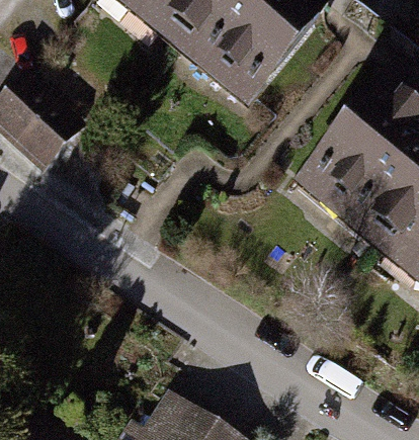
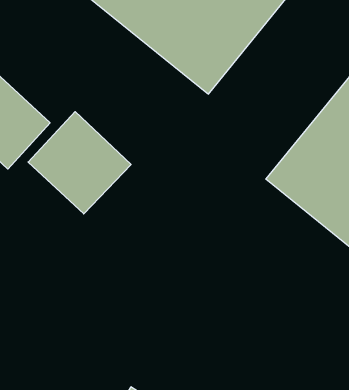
building: none -> [28,112,131,214]

